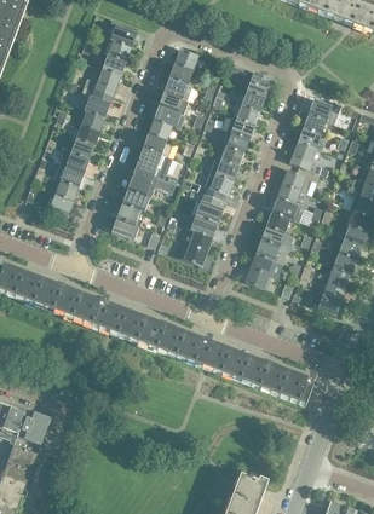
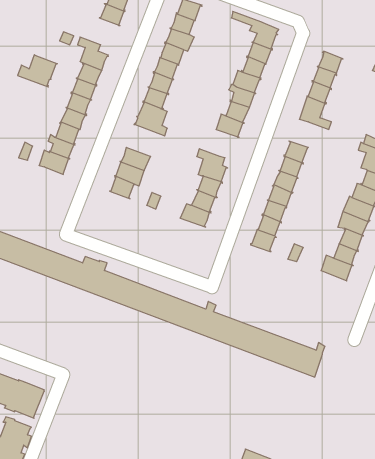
building: [85,64,122,94] -> [18,55,57,87]
building: [282,163,320,191] -> none
building: [128,166,165,195] -> none
building: [197,171,235,197] -> none

